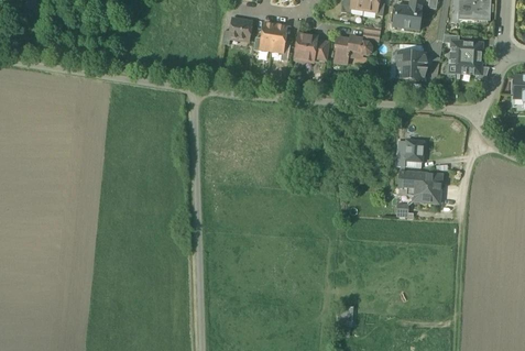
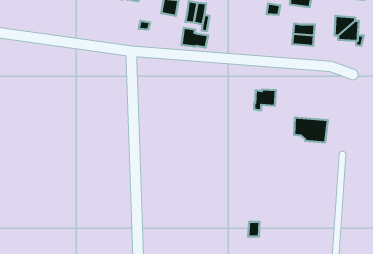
building: [295,34,329,59] -> [181,28,208,48]
building: [335,36,371,63] -> none
building: [395,139,423,165] -> [254,89,276,110]

